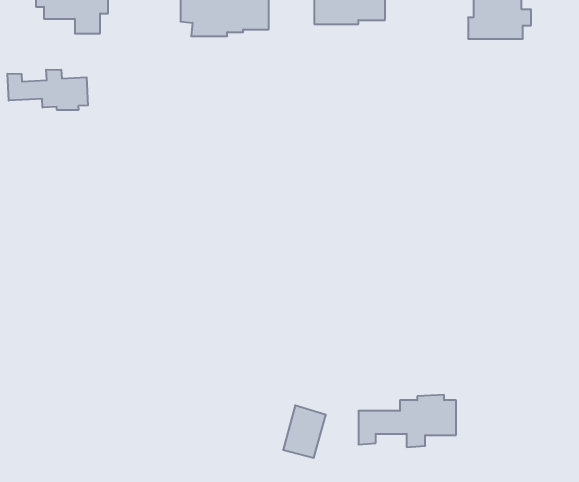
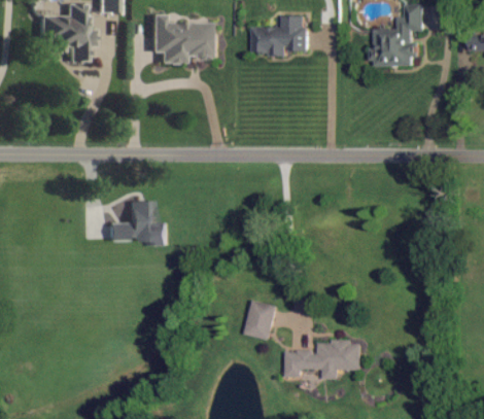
building: [7,70,88,110] -> none
building: none -> [106,199,165,243]
building: [283,405,326,458] -> [244,299,277,339]

